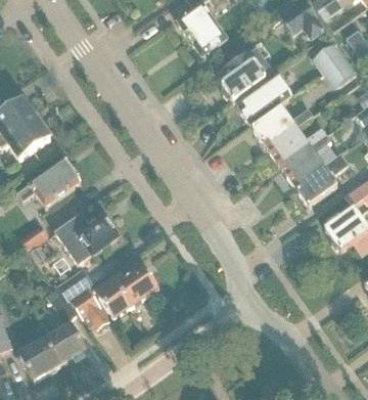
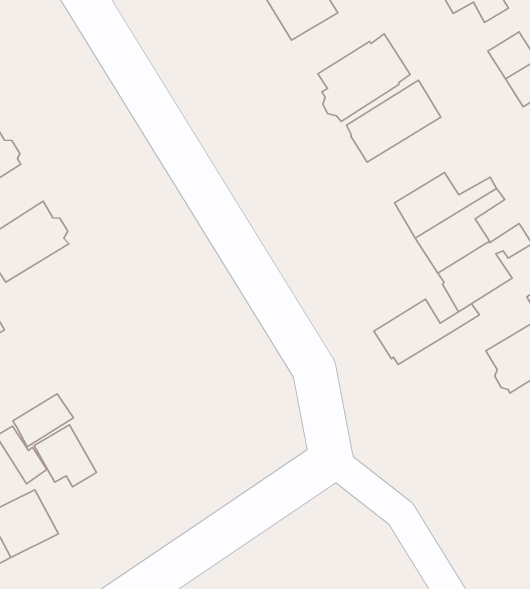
building: [251,106,312,145] -> [374,299,480,365]
building: [54,211,119,263] -> none
building: [92,264,158,316] -> none

